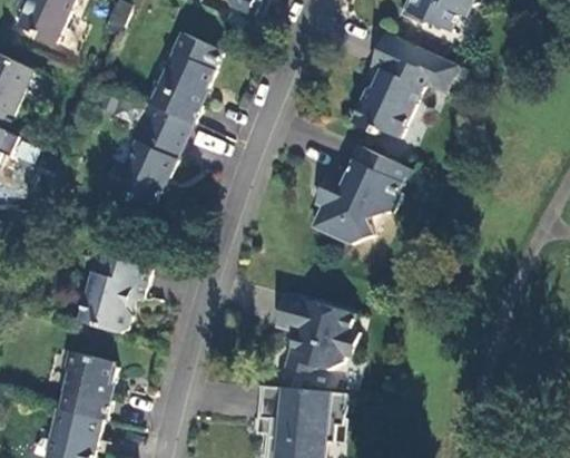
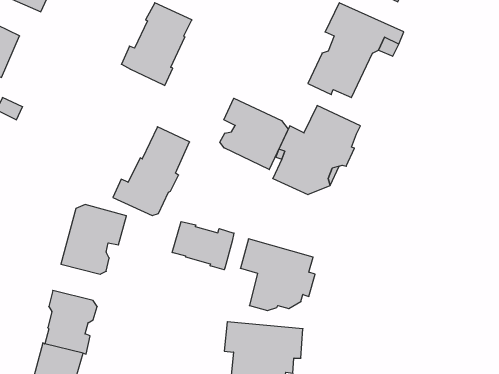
building: [107,106,191,204] -> [113,127,190,216]
building: none -> [220,98,288,170]
building: none -> [172,222,234,270]

